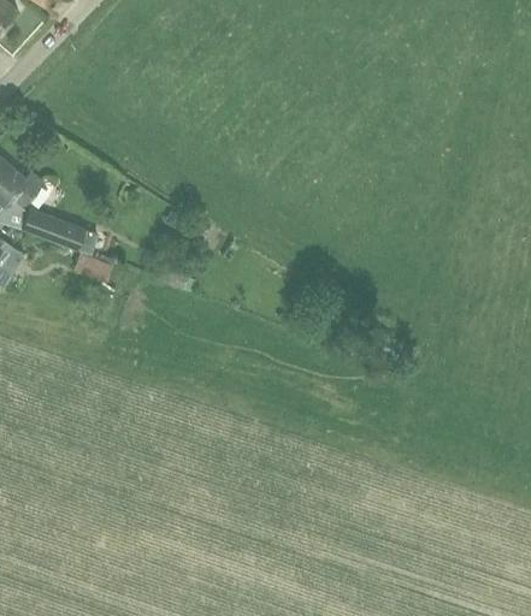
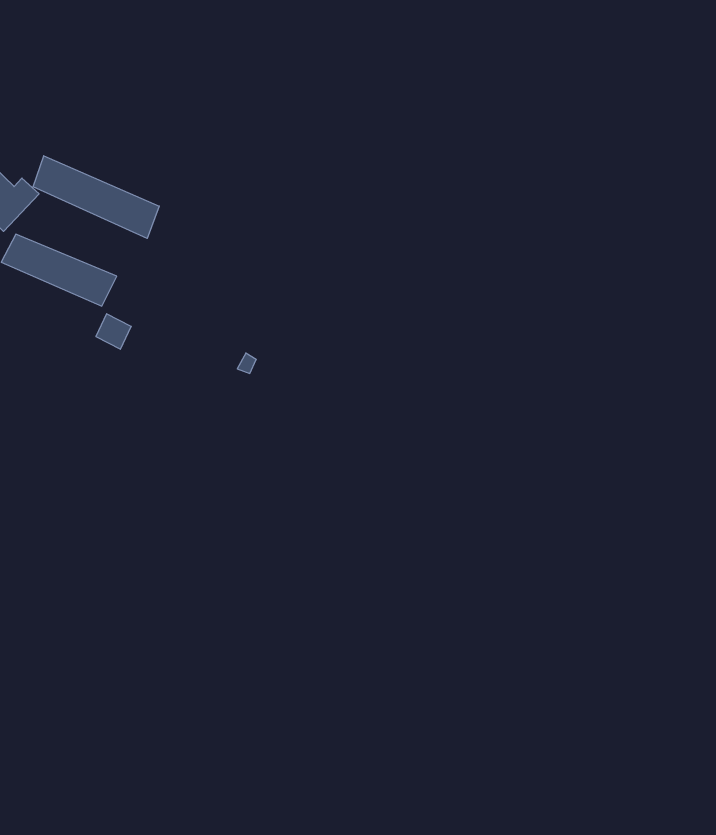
building: none -> [33,156,159,238]

